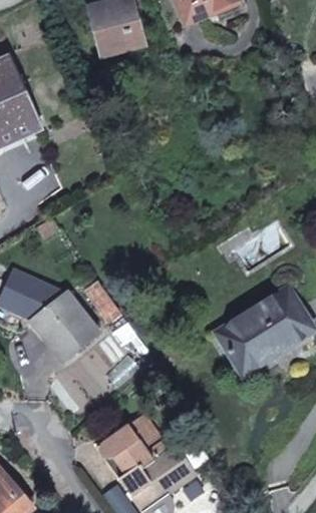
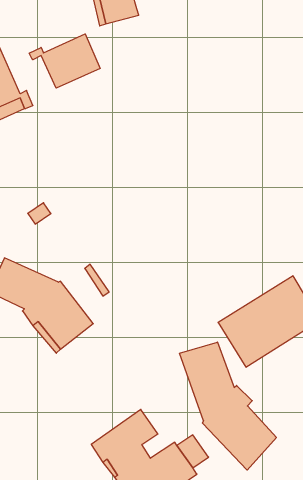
building: none -> [29,34,100,88]
building: none -> [180,342,276,470]

